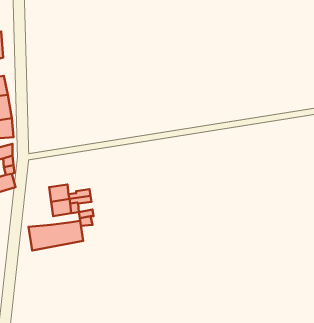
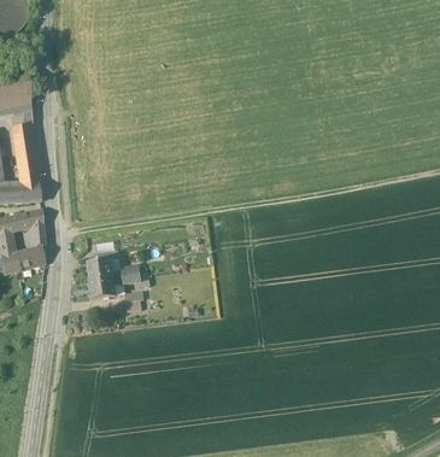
building: [29,221,83,250] -> none

